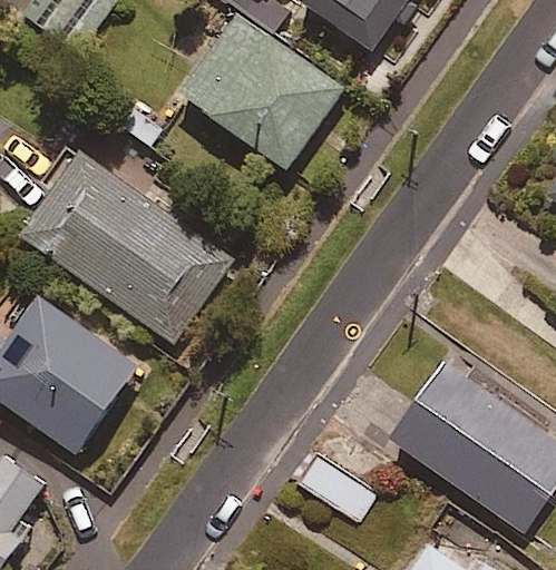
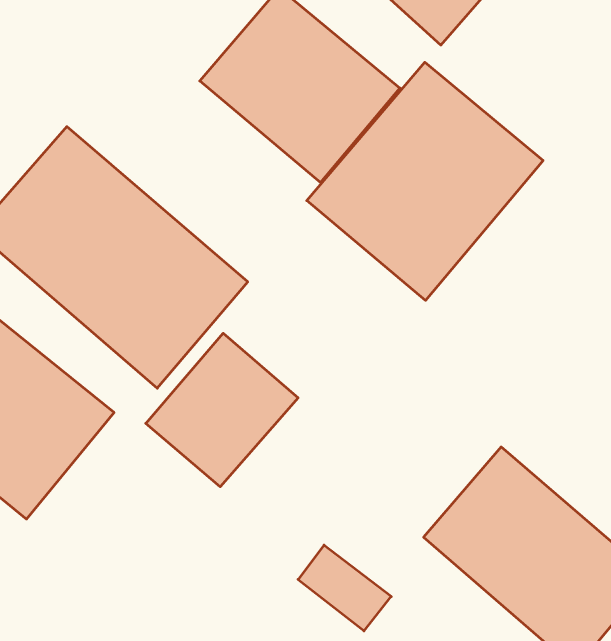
building: none -> [307,62,543,300]
building: none -> [146,333,298,487]

